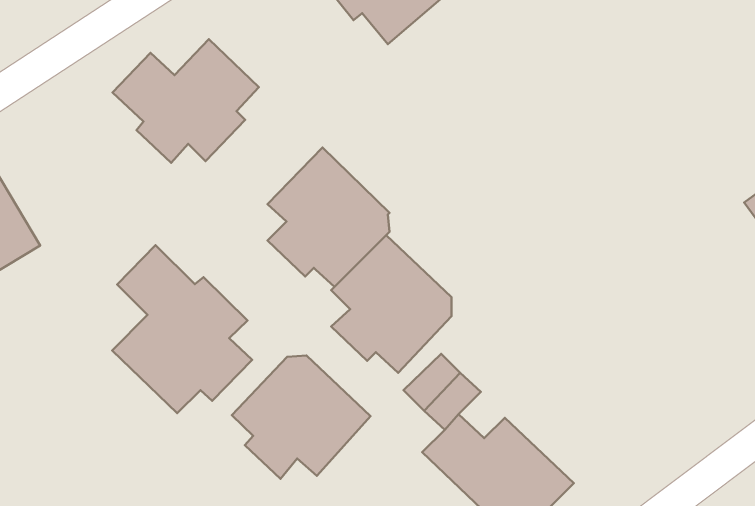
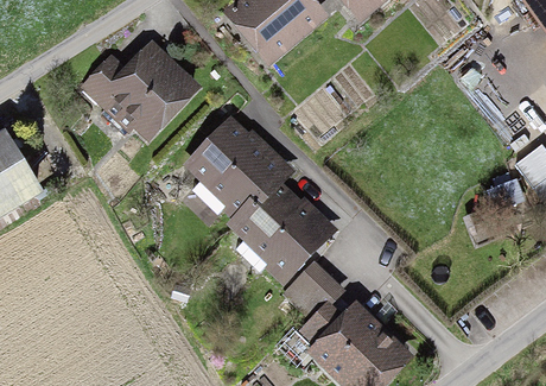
building: [112,245,252,413] -> none
building: [232,355,370,479] -> none

